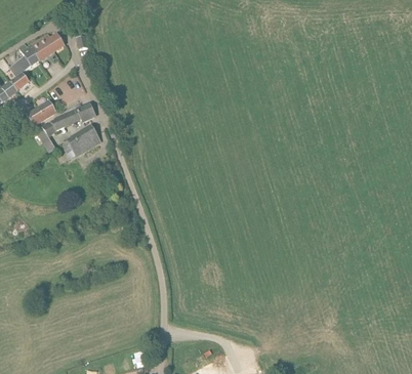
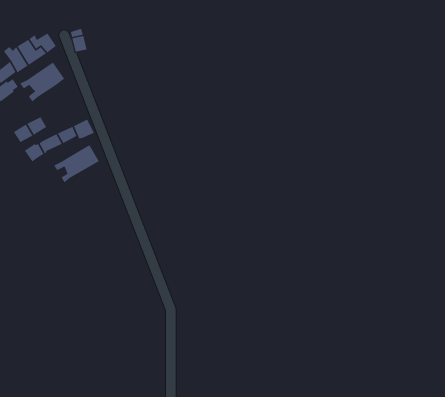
building: none -> [19,61,65,102]

